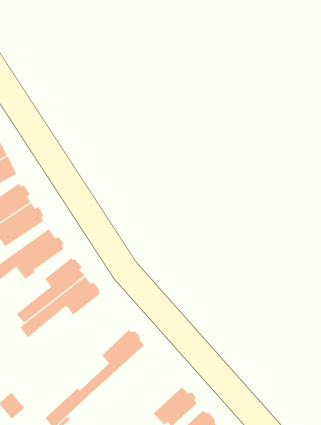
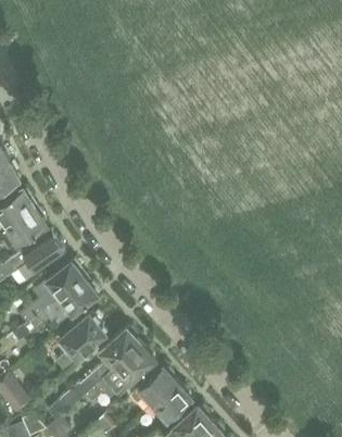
building: none -> [55,312,105,370]
building: none -> [84,342,155,402]
building: none -> [129,365,177,408]

